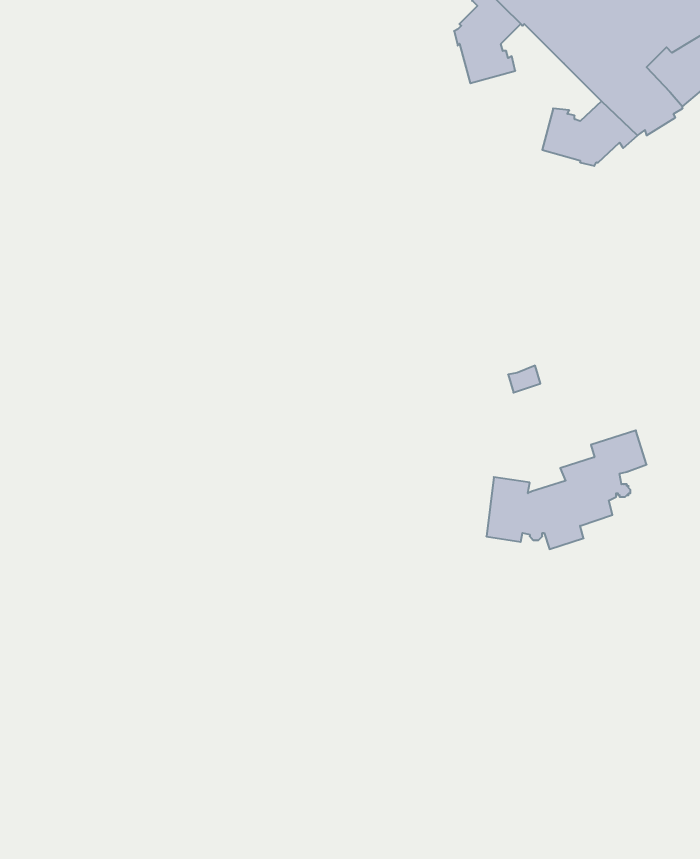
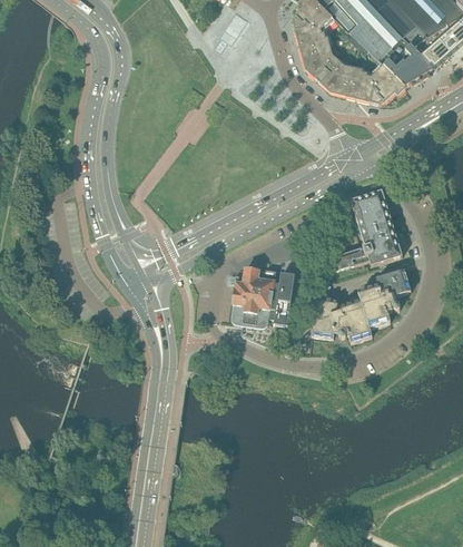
building: none -> [301,45,352,94]
building: none -> [328,188,401,270]
building: none -> [230,266,294,326]

